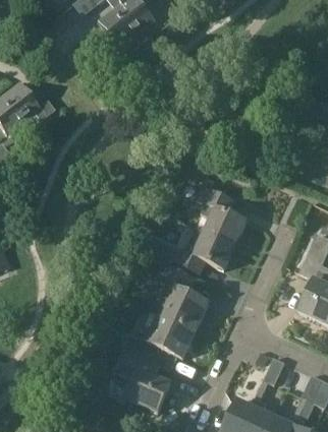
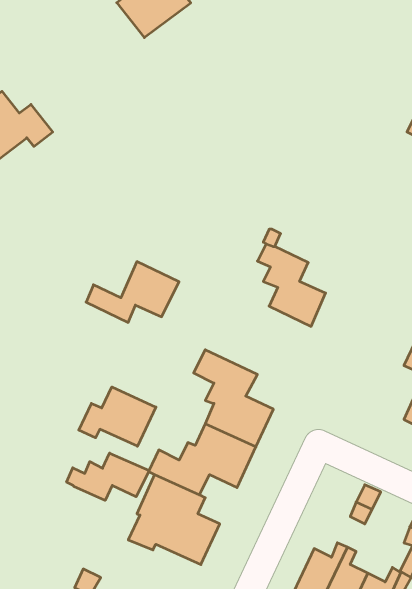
building: [170,231,235,273] -> [86,262,179,322]
building: none -> [79,387,156,446]
building: none -> [67,453,149,500]

